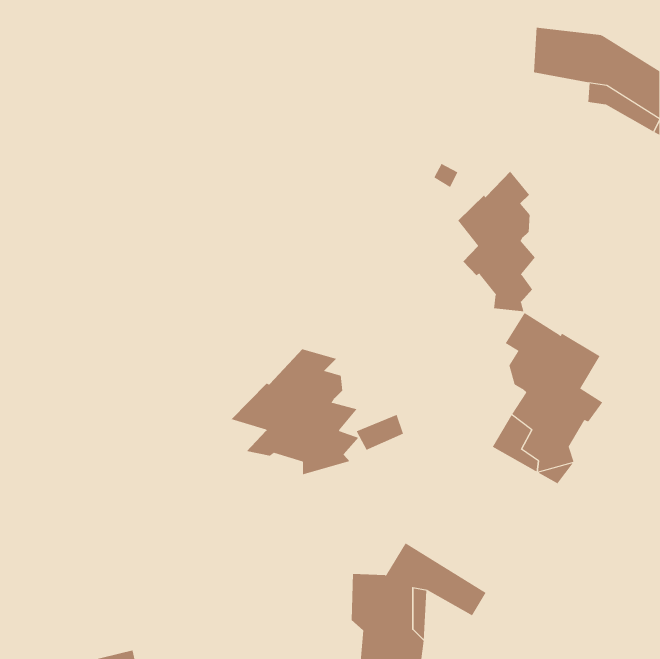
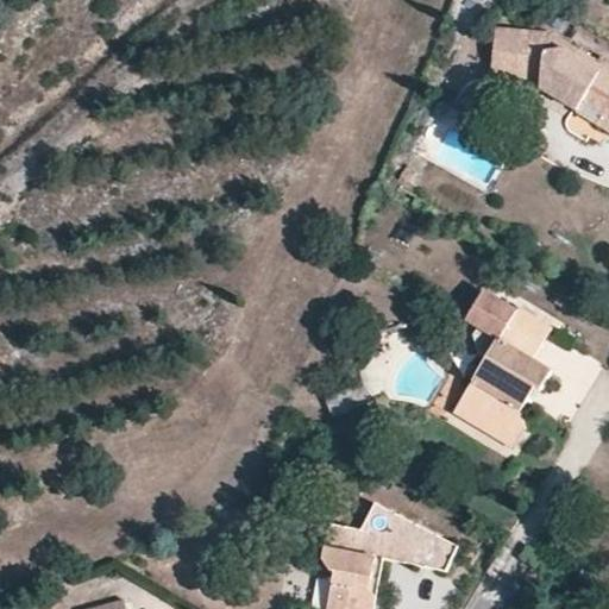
building: [457,171,536,312] -> none
building: [230,349,359,475] -> none

